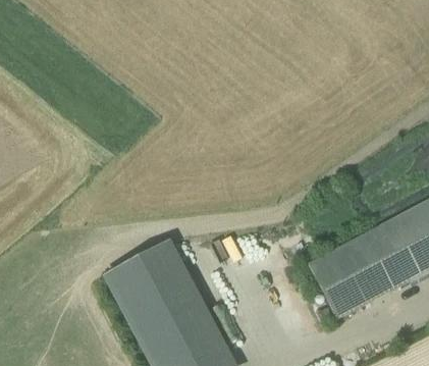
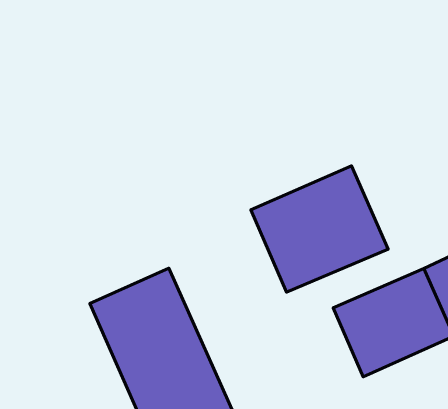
building: none -> [251,166,388,292]

